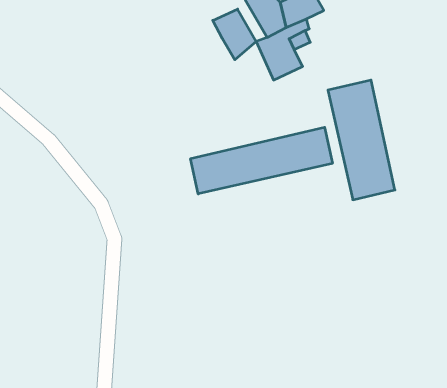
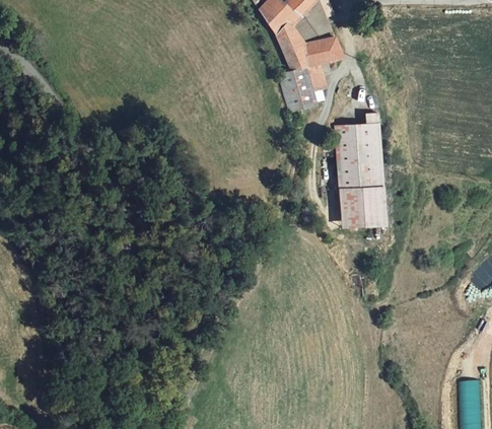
building: [213,9,256,60] -> none
building: [191,127,332,194] -> none

